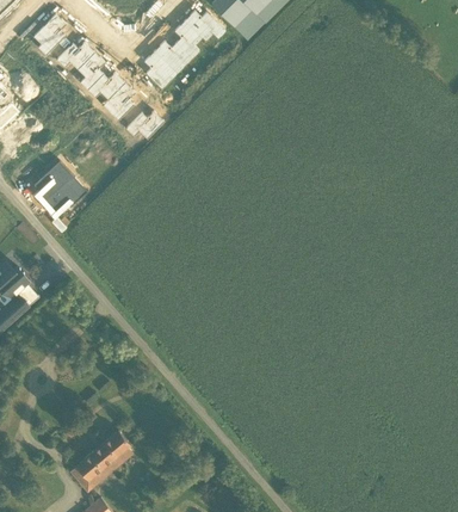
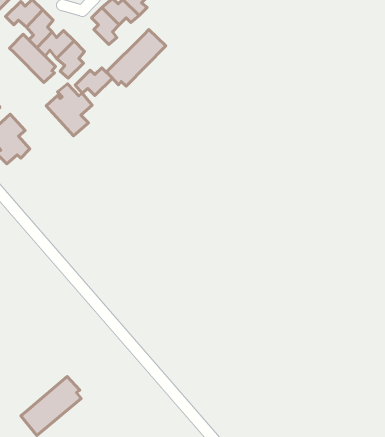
building: none -> [107,29,166,86]
building: none -> [10,34,56,83]
building: none -> [46,84,92,136]

